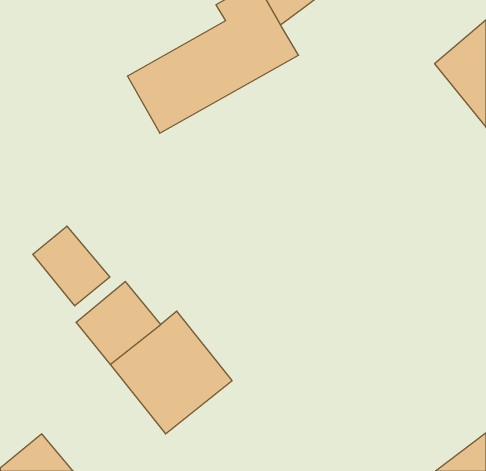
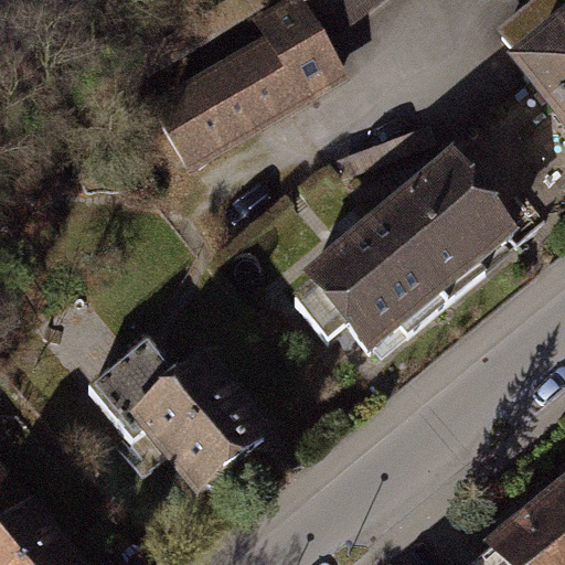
building: none -> [301,168,513,363]
building: [33,226,110,306] -> none

